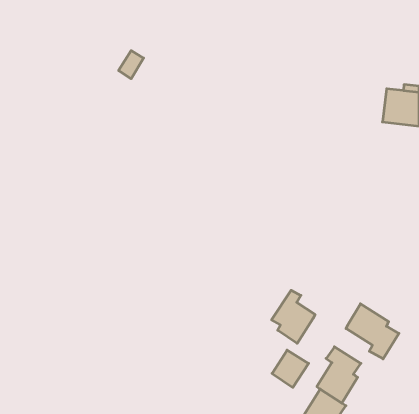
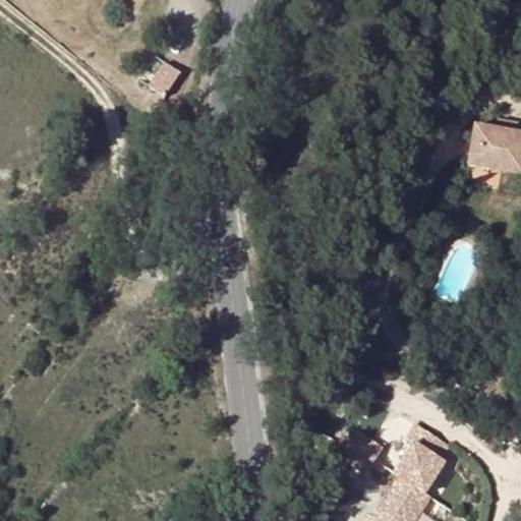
building: [272,290,315,343] -> none
building: [346,304,399,359] -> none

